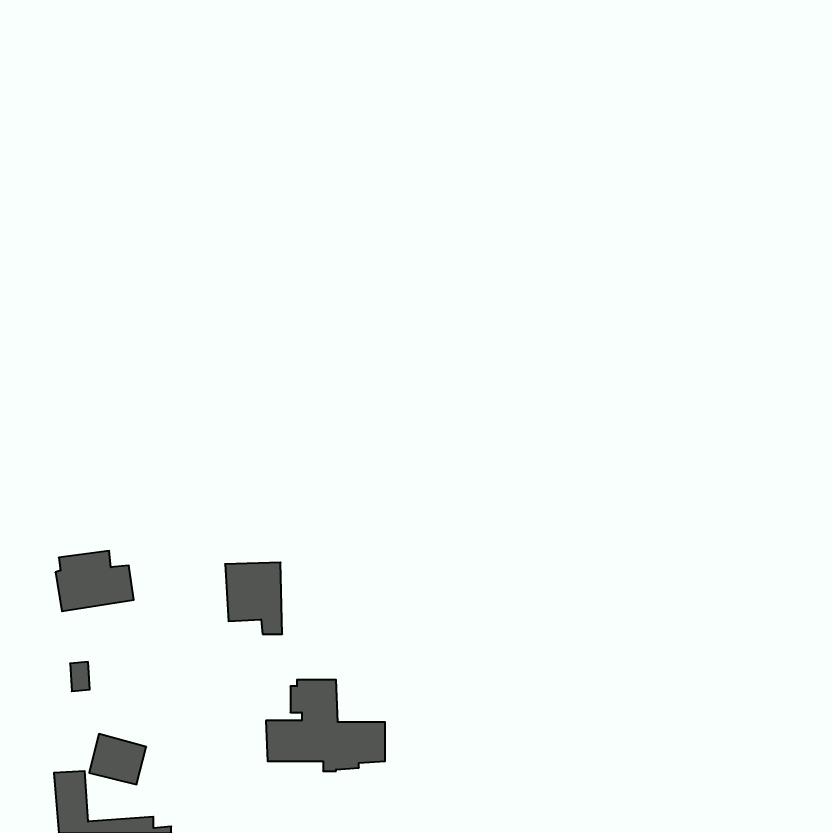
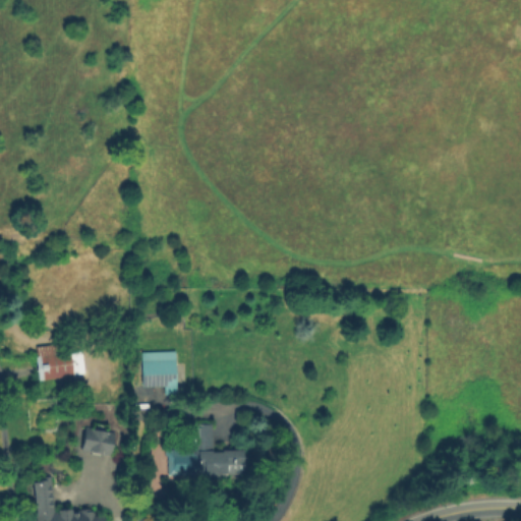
building: [89,734,146,784] -> [81,426,117,458]

